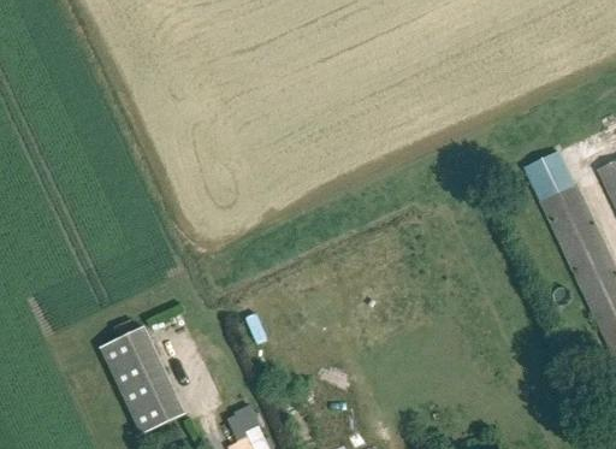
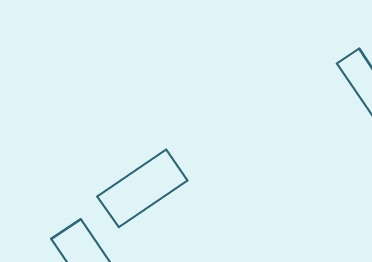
building: none -> [97,150,188,227]

